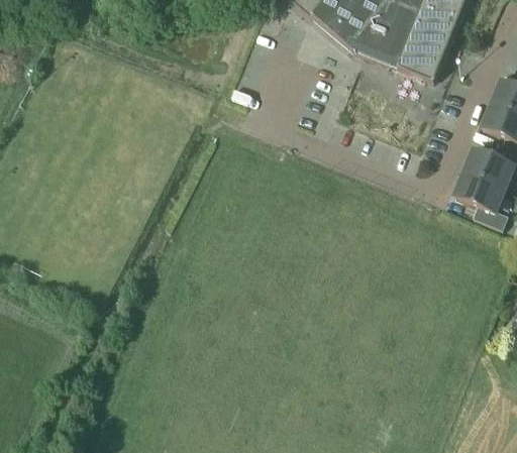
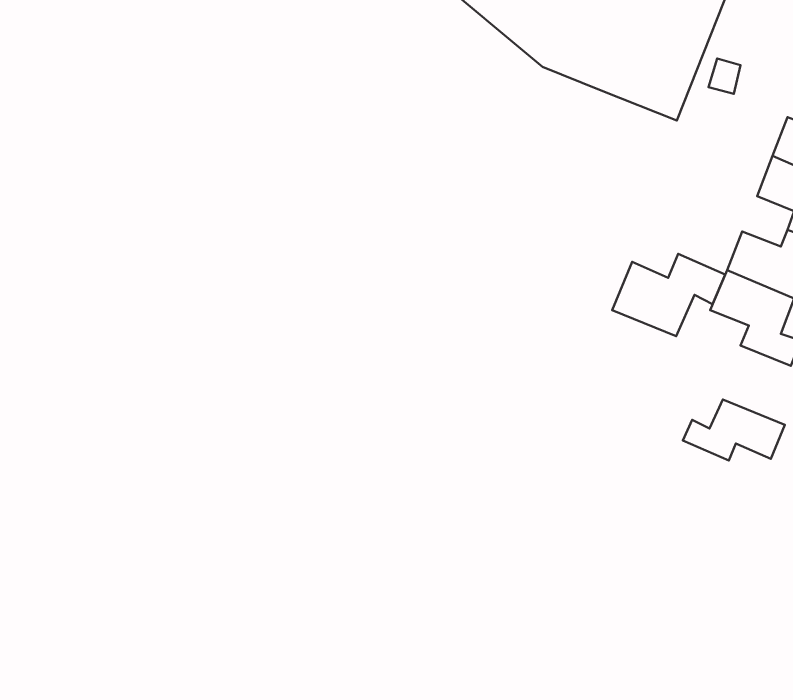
building: none -> [612,254,725,336]
building: none -> [683,400,785,460]

